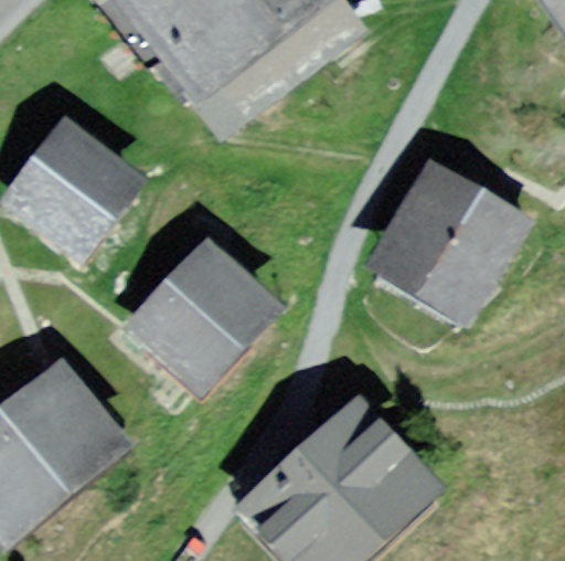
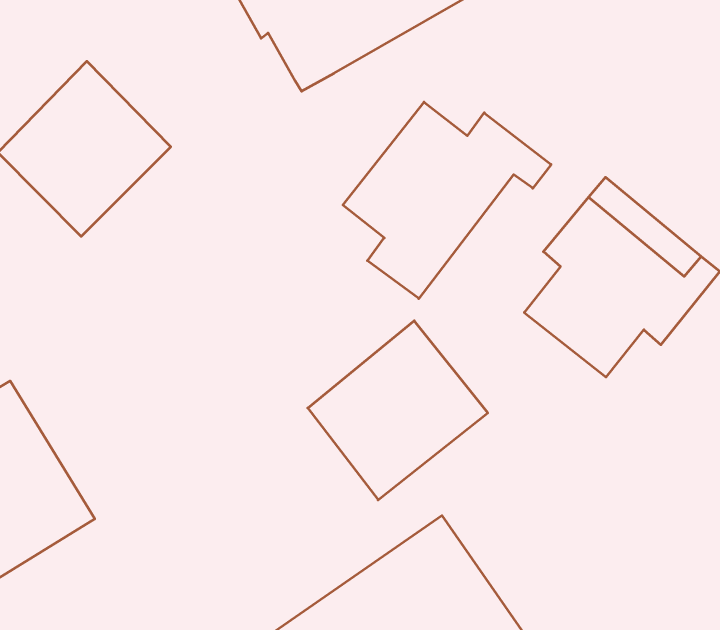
building: none -> [343,102,551,299]
building: [145,253,270,381] -> [308,321,488,500]

